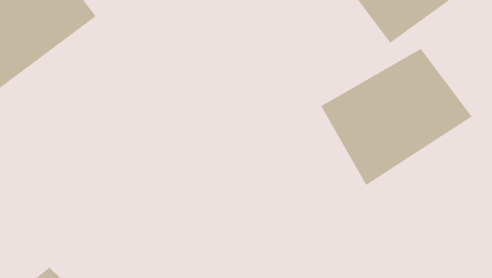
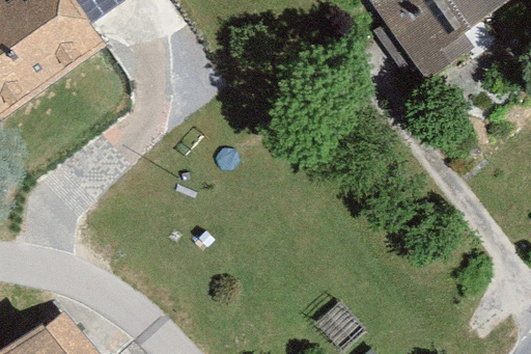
building: [321,48,472,186] -> none

